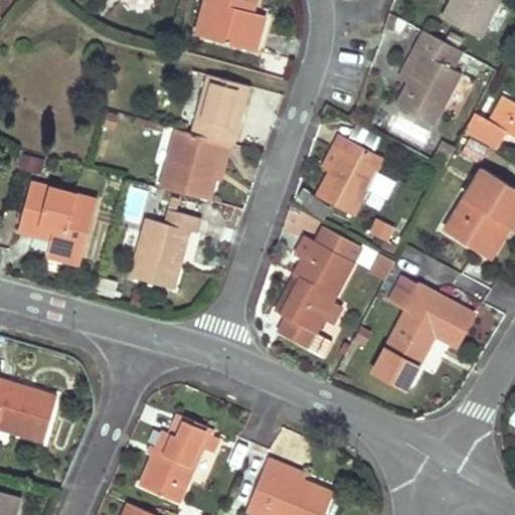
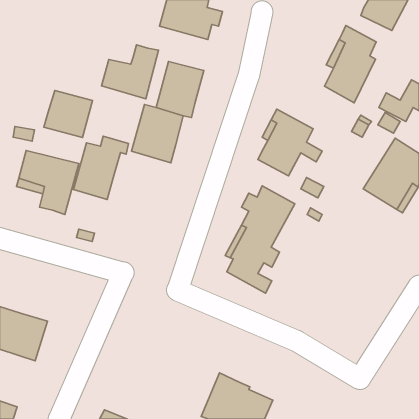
building: none -> [101,45,159,99]
building: none -> [44,91,93,137]
building: [132,210,199,288] -> [74,136,129,199]
building: [372,277,473,389] -> none
building: [140,418,210,502] -> none

